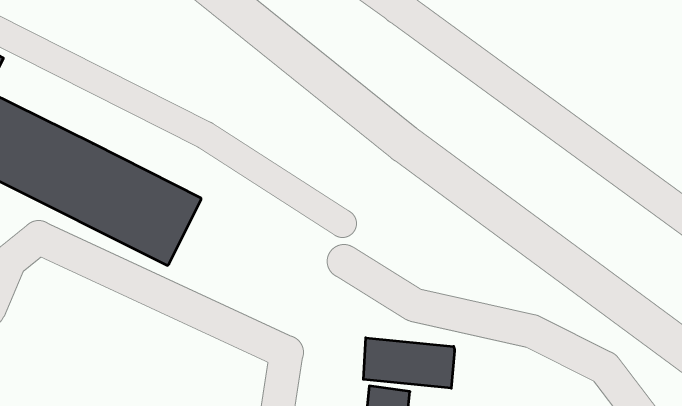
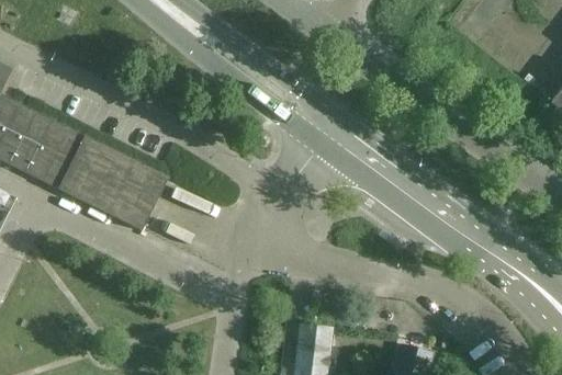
building: [363,338,455,388] -> none

